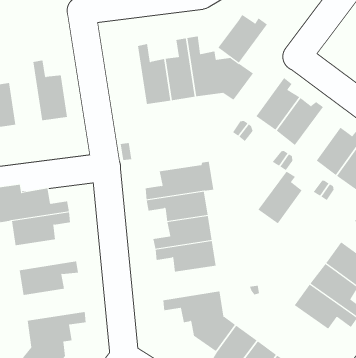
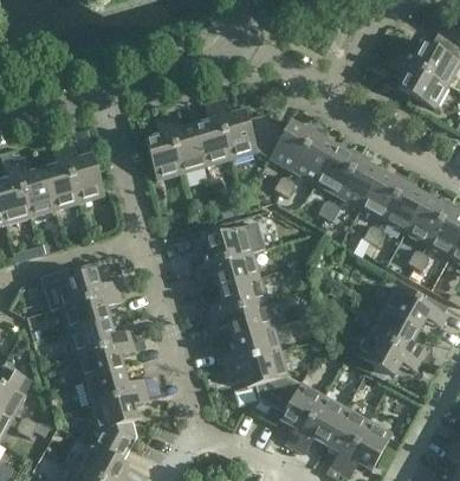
building: [218,14,268,63] -> [270,121,317,171]
building: none -> [144,115,182,180]
building: none -> [43,145,79,210]
building: [258,171,302,224] -> [337,153,380,207]
building: none -> [69,320,132,355]
building: none -> [220,326,280,367]
building: none -> [83,368,148,405]

